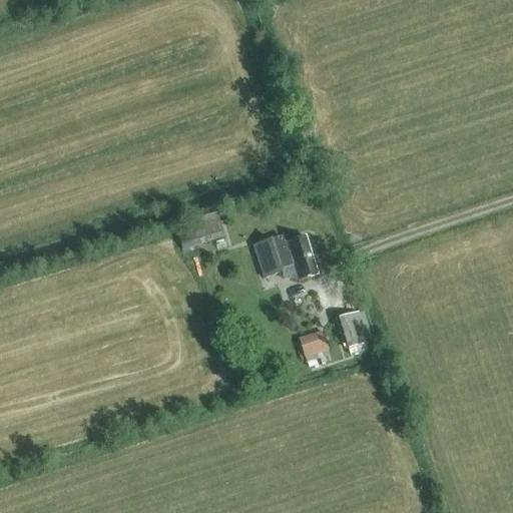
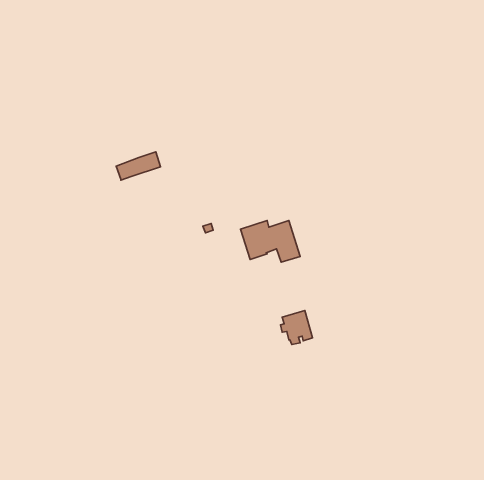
building: [177,217,224,247] -> [116,152,161,180]
building: [343,311,370,347] -> none

